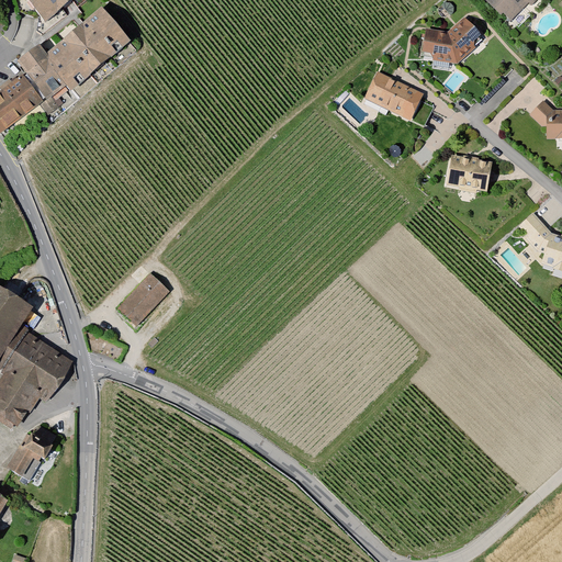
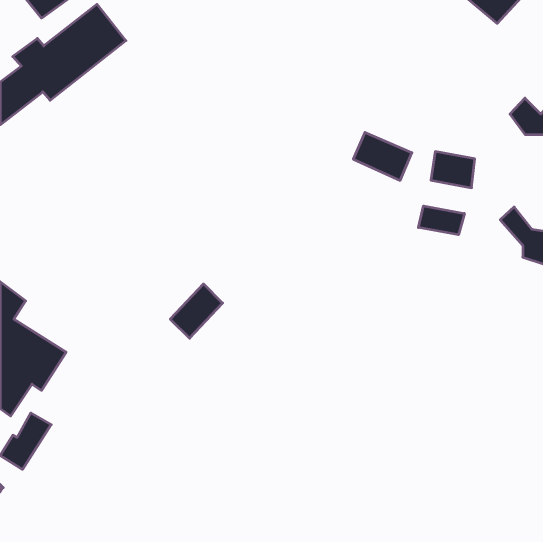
building: [418,18,482,65] -> none
building: [366,70,426,120] -> [353,132,412,180]
building: none -> [418,206,464,235]
building: [117,270,171,326] -> [170,284,223,338]

